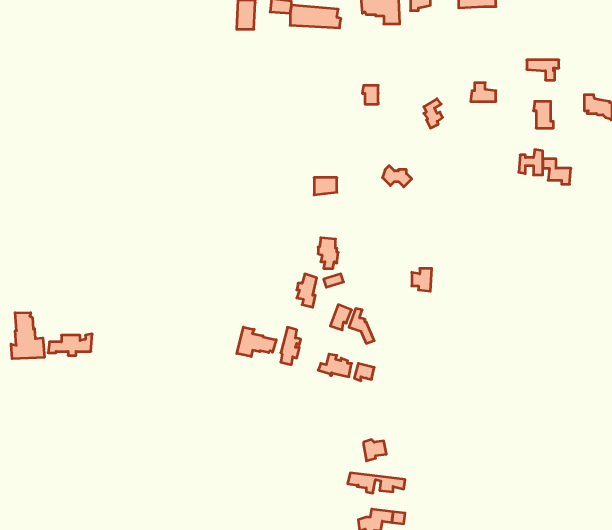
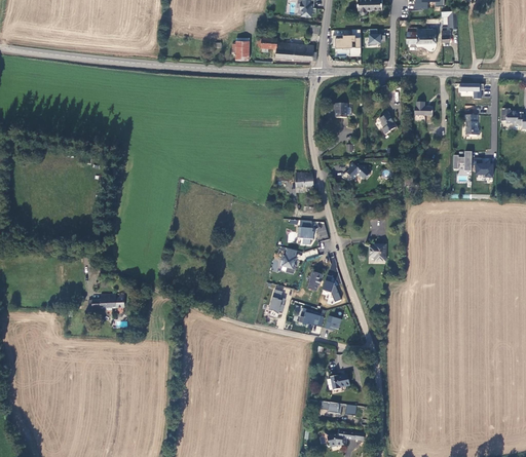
building: [11,313,44,359] -> none
building: [237,327,276,357] -> none

